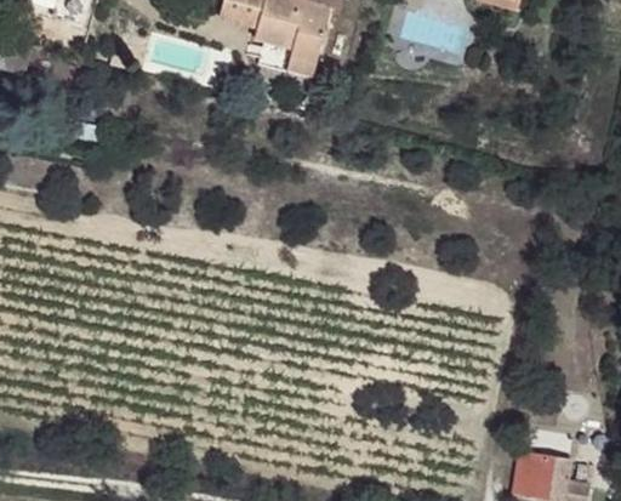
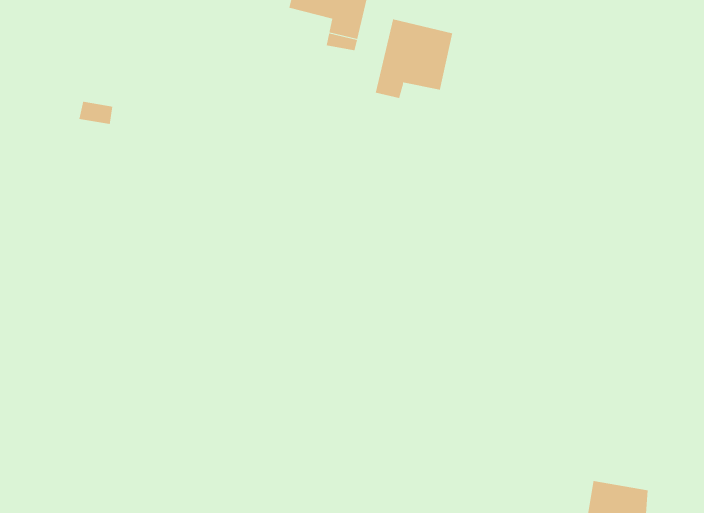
building: none -> [375,19,453,99]

